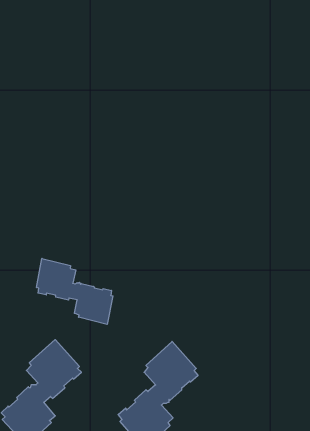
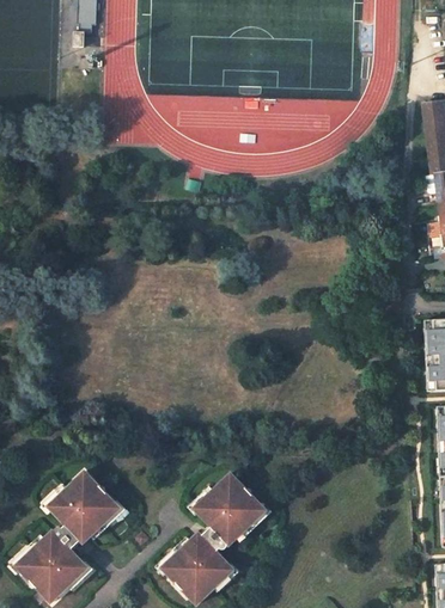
building: [37,258,113,324] -> none

